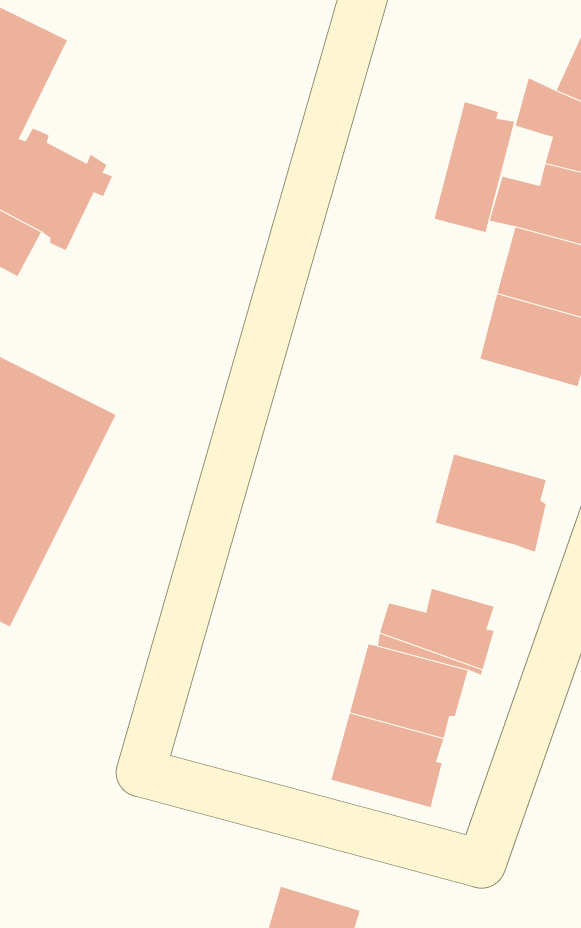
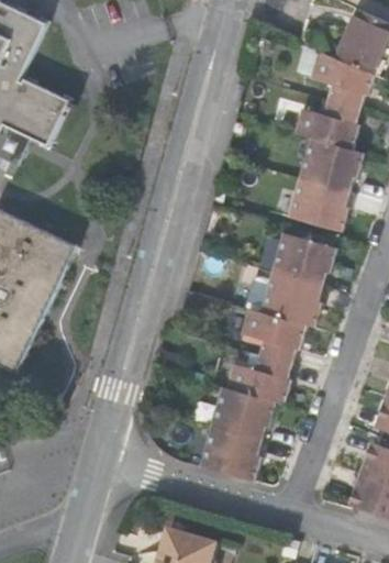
building: [434,101,515,233] -> none
building: none -> [273,232,341,285]
building: none -> [242,307,309,360]

